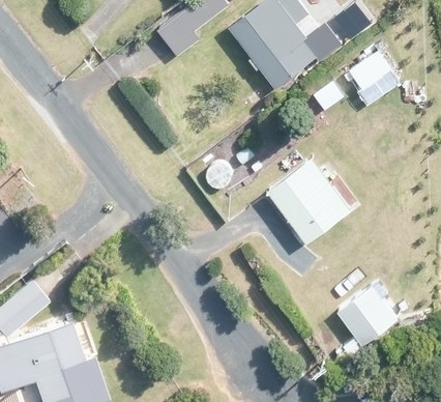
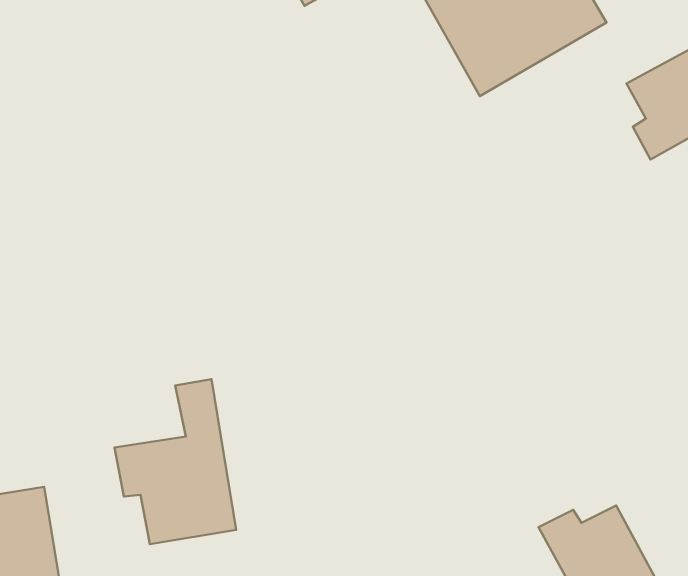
building: [264,154,353,247] -> none
building: none -> [115,379,236,544]

